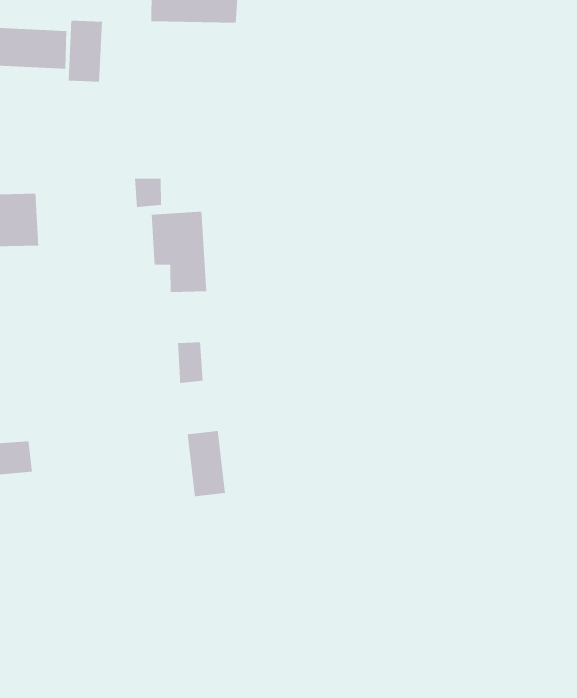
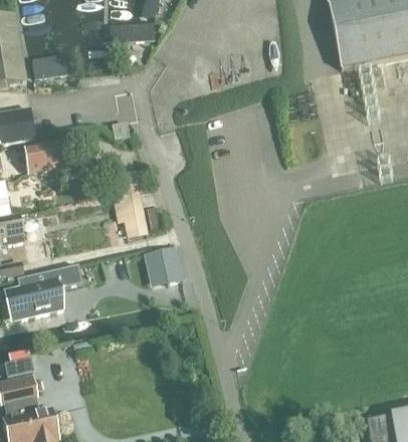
building: [68,20,103,83] -> none
building: [151,211,207,293] -> [113,190,147,234]

